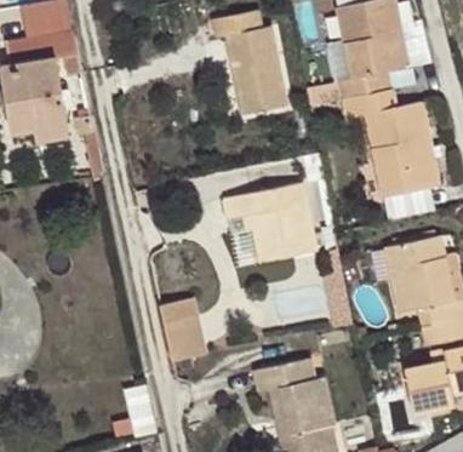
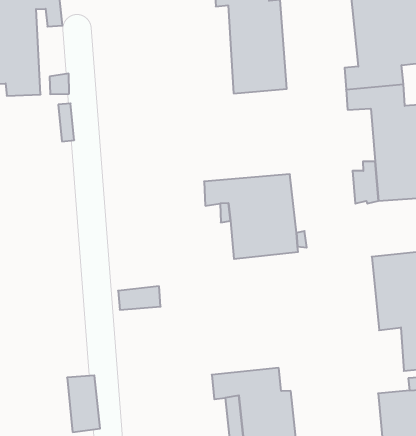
building: [162,315,206,360] -> none

